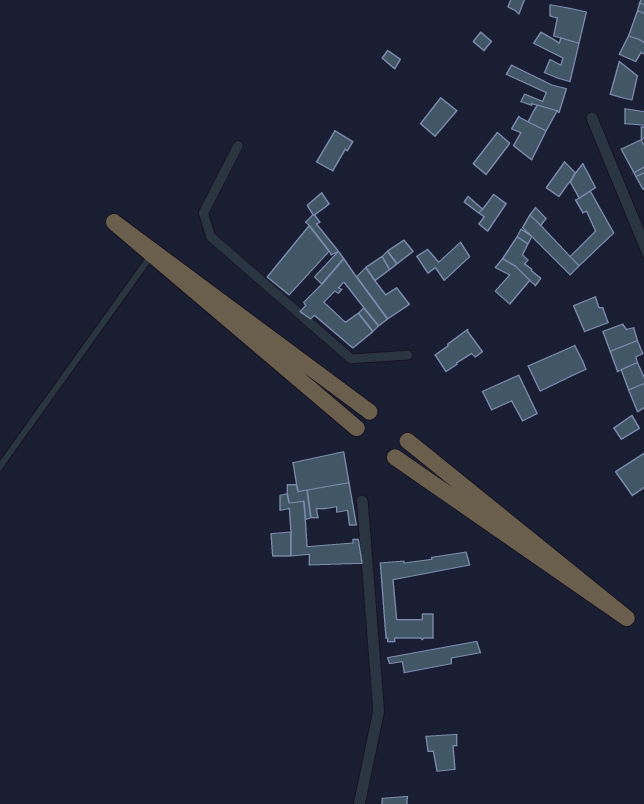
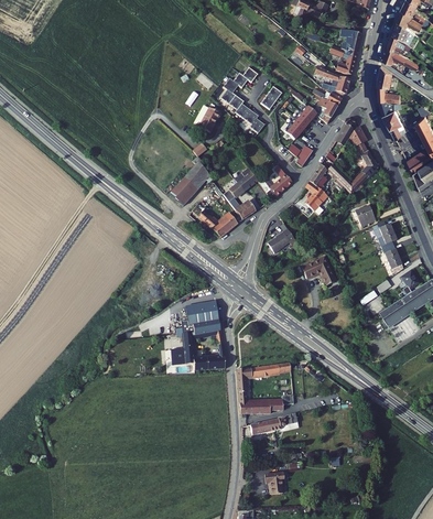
building: none -> [220,66,264,133]
building: [528,345,586,391] -> none

